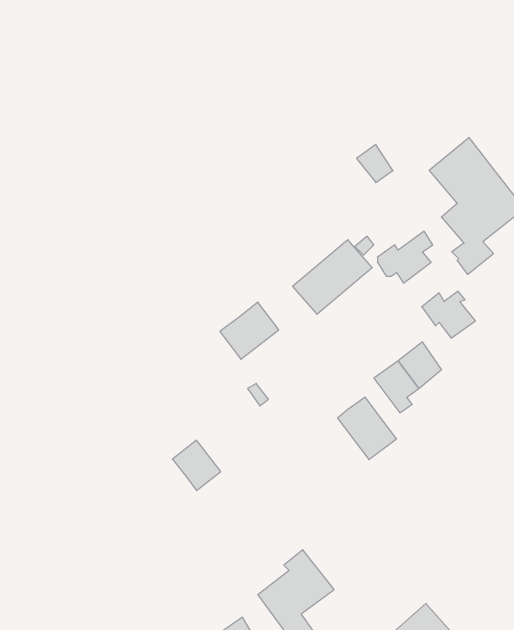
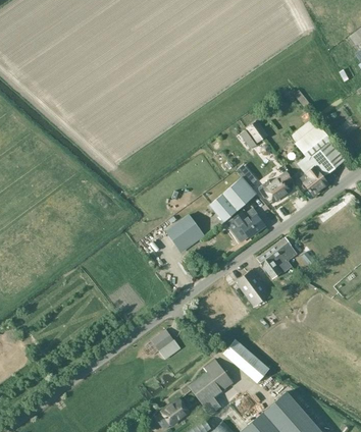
building: [422,291,475,338] -> [233,209,264,236]
building: [172,440,221,490] -> [152,330,180,360]
building: none -> [222,339,269,384]

